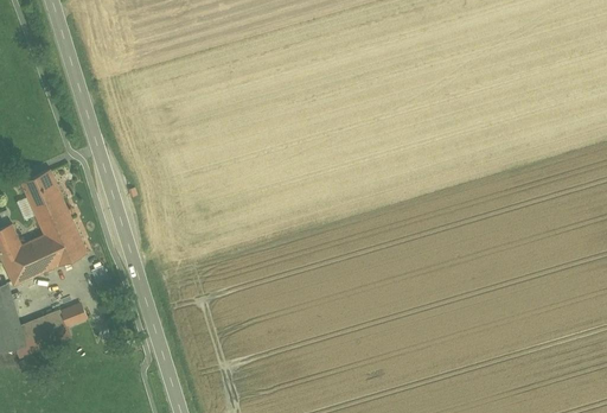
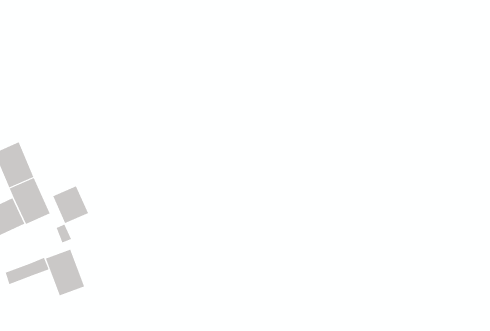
building: none -> [52,185,89,224]
building: none -> [45,249,85,296]

